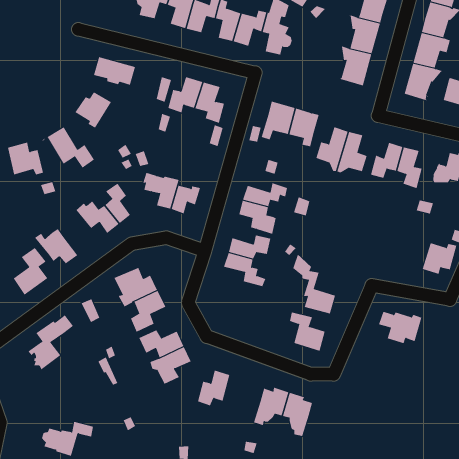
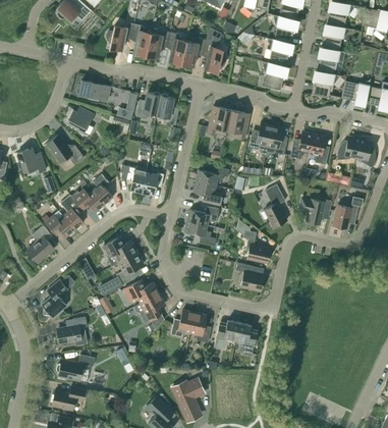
building: none -> [60,195,84,230]
building: none -> [265,184,286,227]
building: [378,311,422,344] -> [299,199,332,222]
building: none -> [58,317,88,345]
building: none -> [190,313,211,342]

